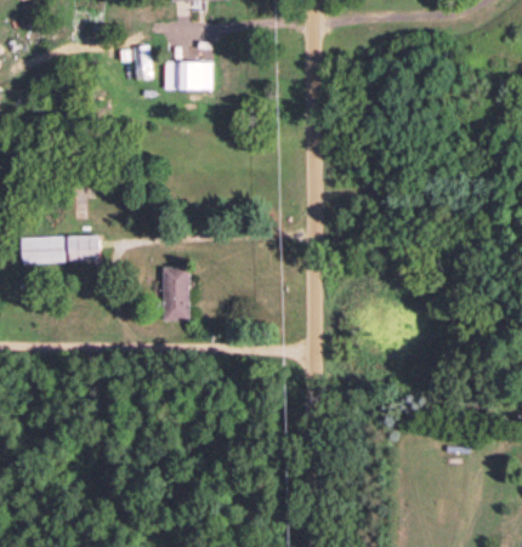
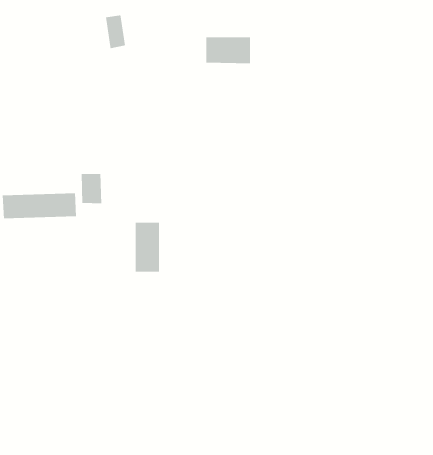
building: [164,62,212,91] -> [205,37,251,64]
building: none -> [81,173,102,204]

